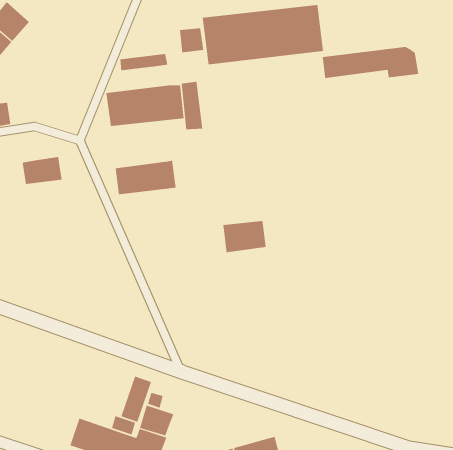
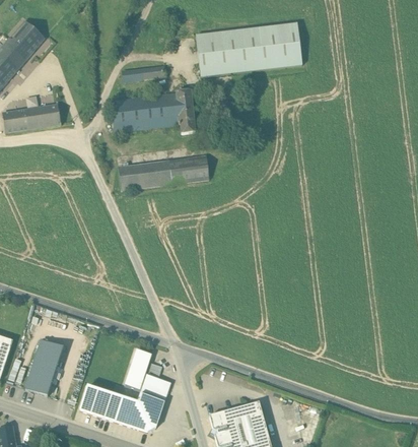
building: [180,28,204,53] -> none
building: [322,46,419,79] -> none
building: [22,157,62,185] -> [25,104,61,128]
building: [222,220,267,253] -> [169,155,208,184]
building: none -> [25,339,64,395]

